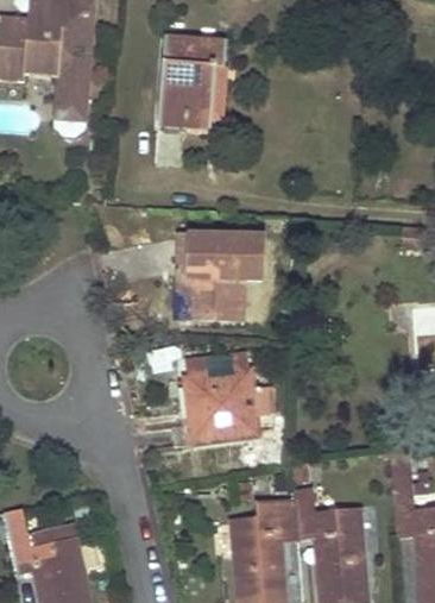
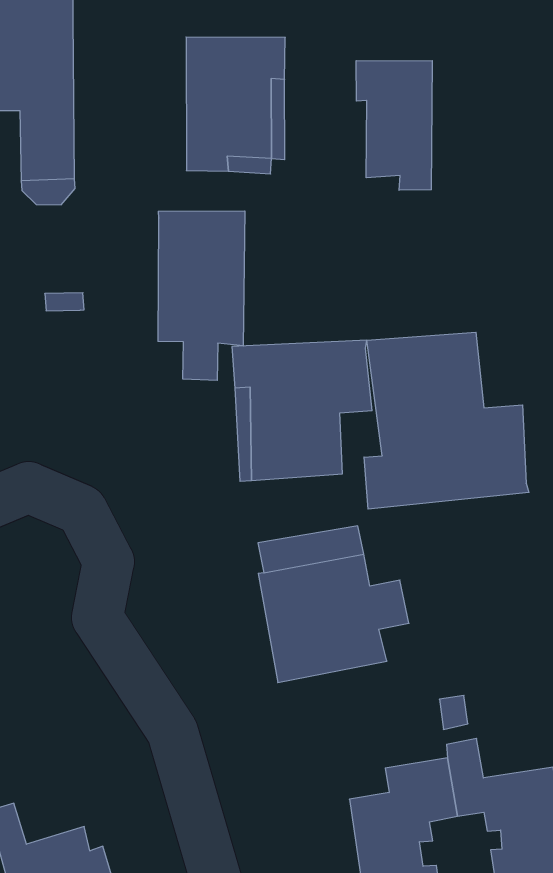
building: none -> [356,61,432,190]
building: none -> [158,211,245,380]
building: none -> [364,332,529,509]

